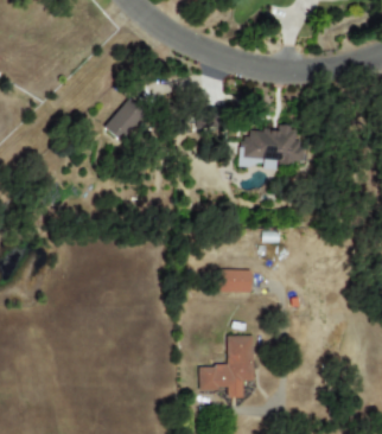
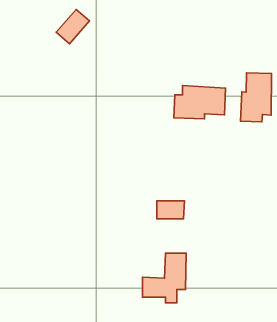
building: [103,100,145,142] -> [56,9,89,44]
building: none -> [241,73,271,122]

